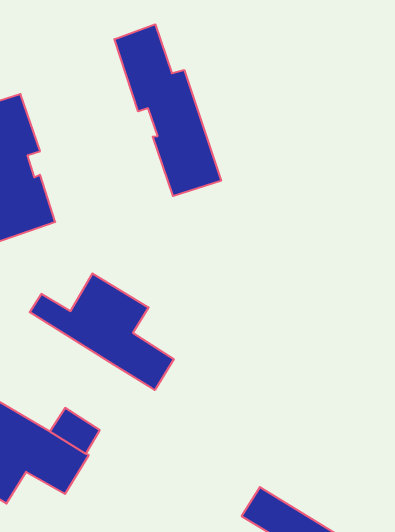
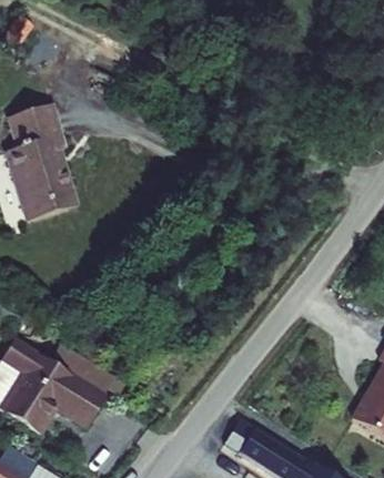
building: [114,24,221,196] -> none
building: [30,273,174,390] -> none

